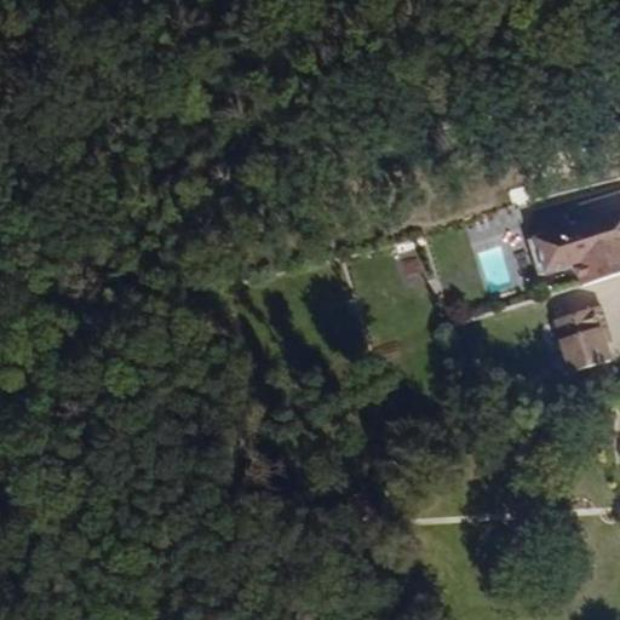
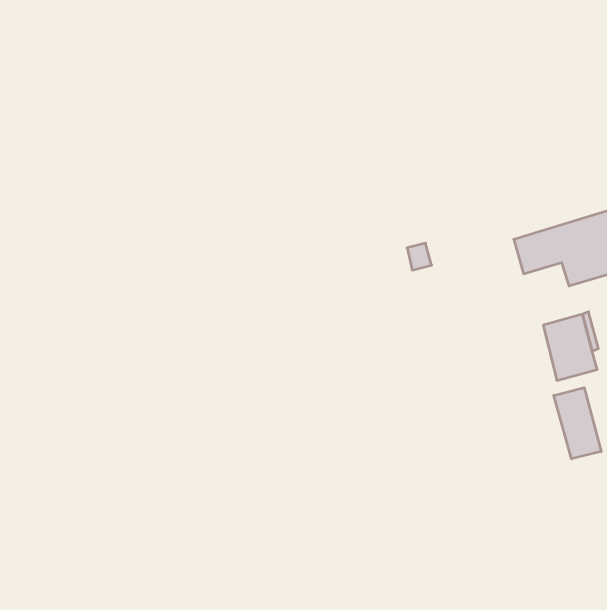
building: none -> [554,388,601,459]

